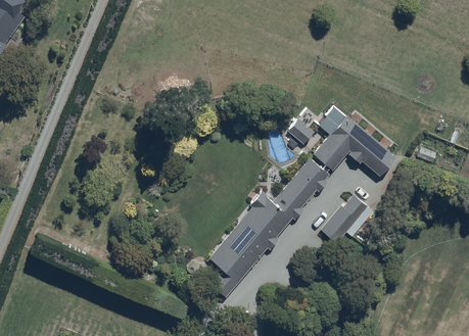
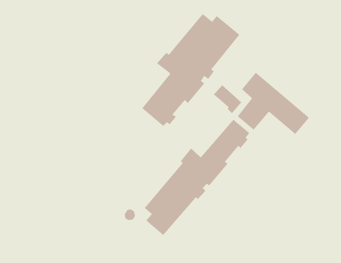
building: none -> [141,13,240,127]
building: [323,196,372,240] -> none

